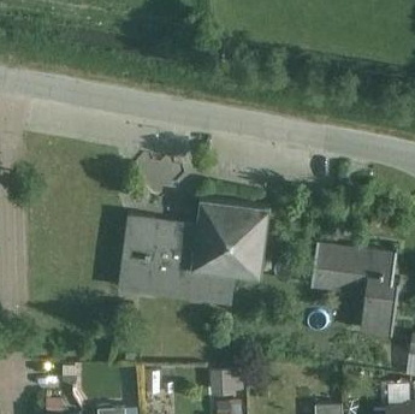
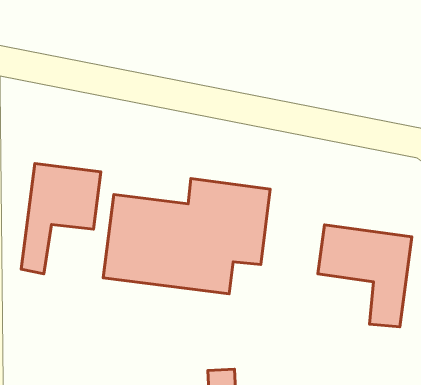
building: none -> [21,164,101,274]

